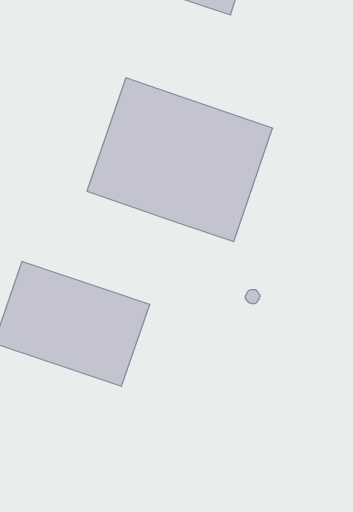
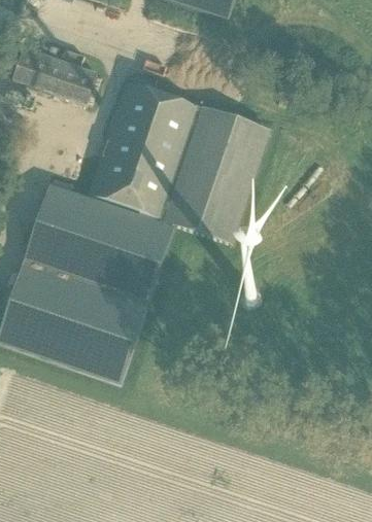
building: none -> [11,46,96,103]
building: none -> [23,180,175,303]

